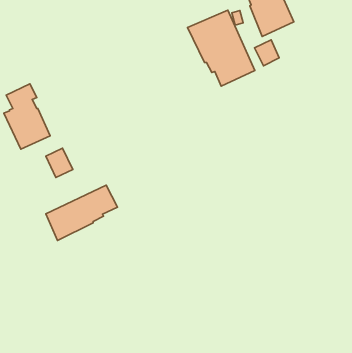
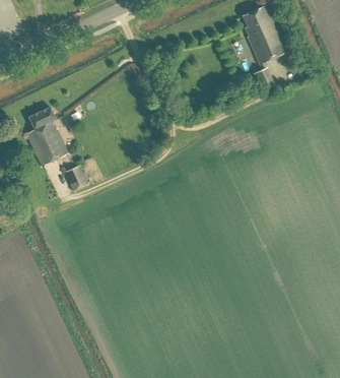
building: [188,10,255,86] -> none
building: [46,185,118,241] -> none

